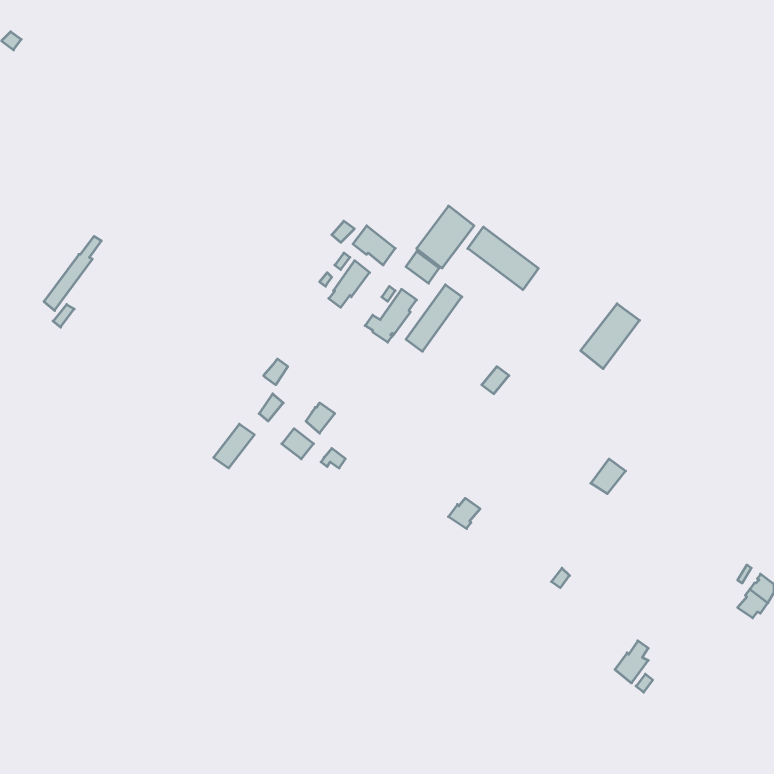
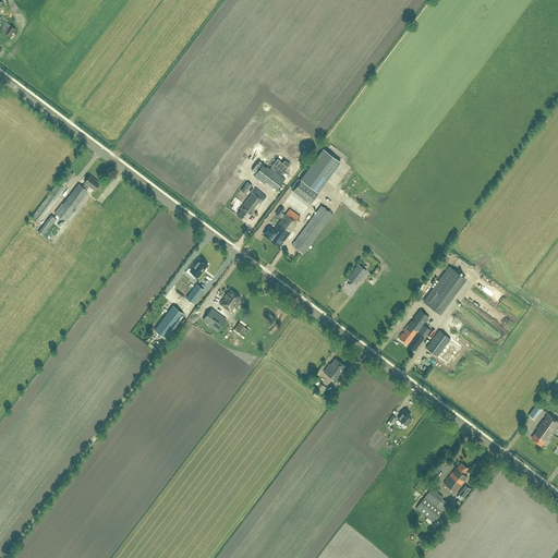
building: [468,227,538,290] -> none
building: none -> [54,175,99,221]
building: [581,304,640,369] -> [423,268,465,315]
building: none -> [398,310,430,344]
building: none -> [415,488,448,524]

